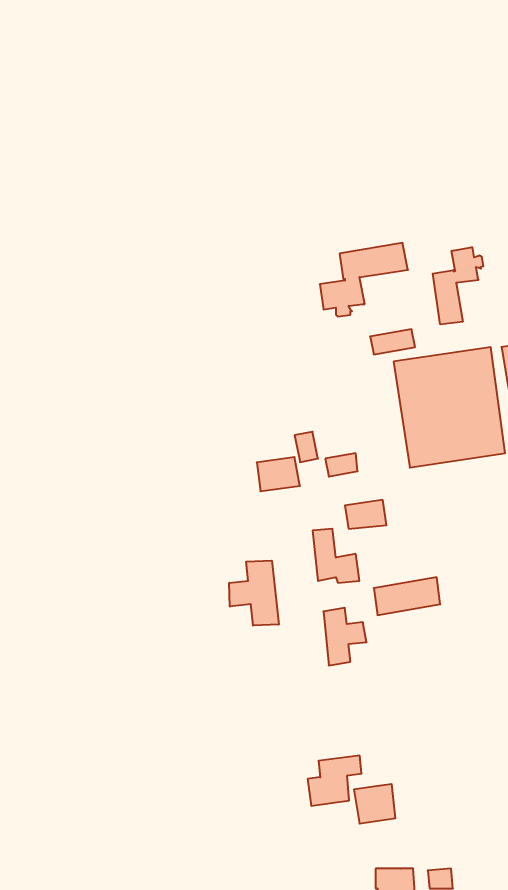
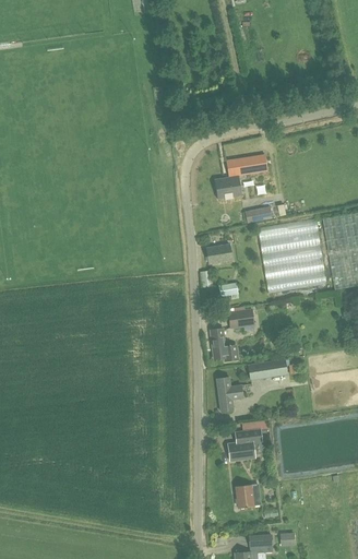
building: [433,247,483,324] -> none
building: [257,457,300,491] -> [207,243,234,264]
building: [229,561,279,626] -> none
building: [308,756,362,806] -> [229,429,262,460]

